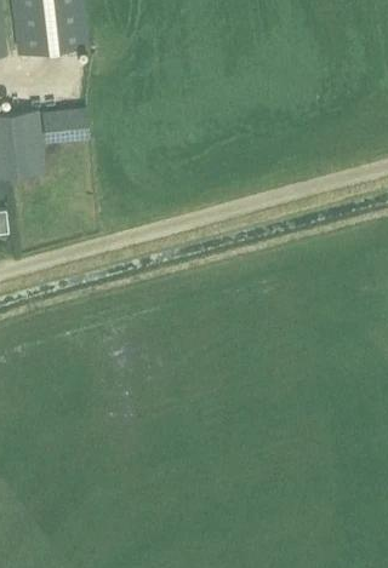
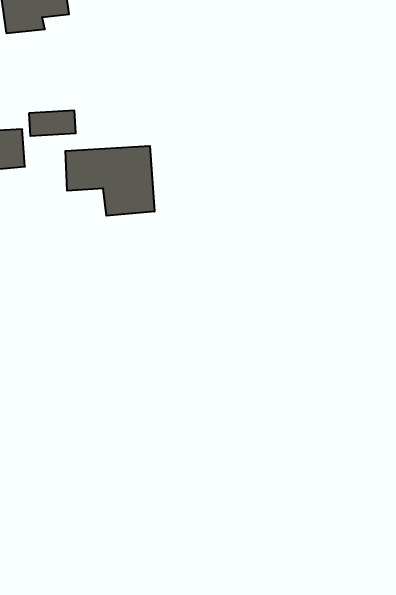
building: none -> [65,146,154,216]

